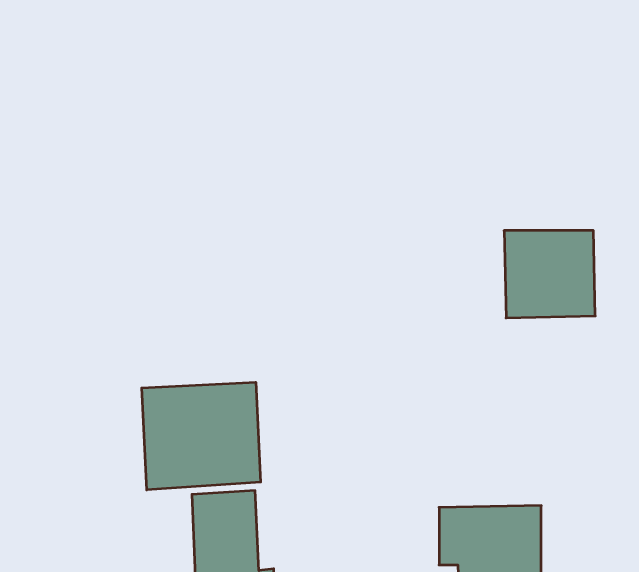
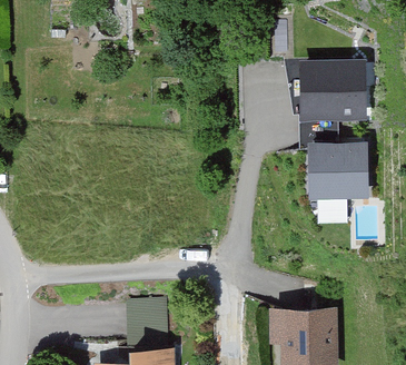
building: none -> [299,58,366,118]
building: [142,382,261,490] -> none

